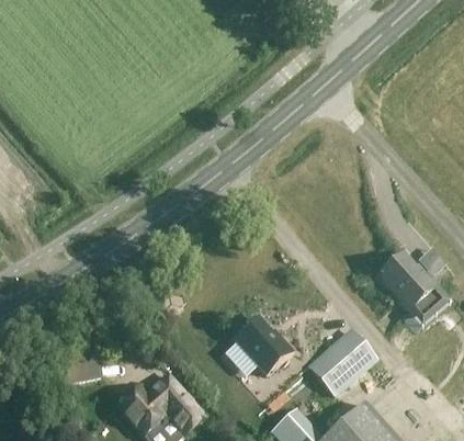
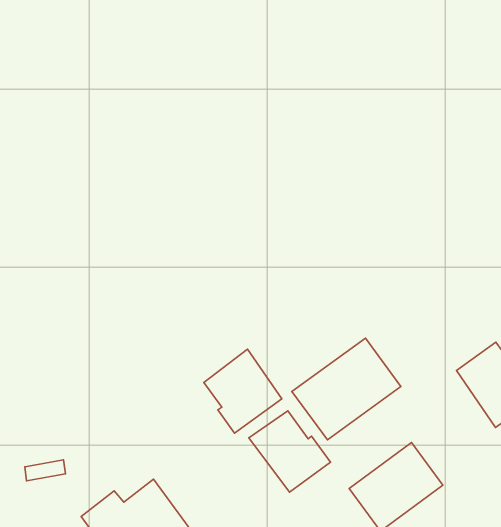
building: none -> [292,338,401,440]
building: none -> [204,349,282,433]

